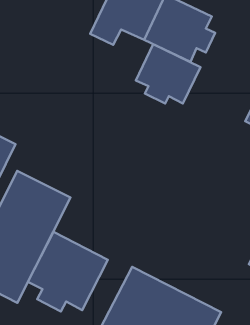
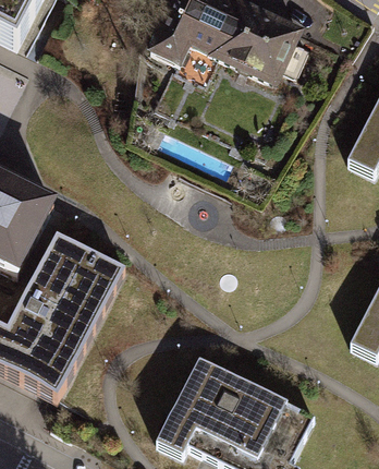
building: [136,44,200,103] -> none
building: [28,232,108,311] -> none

